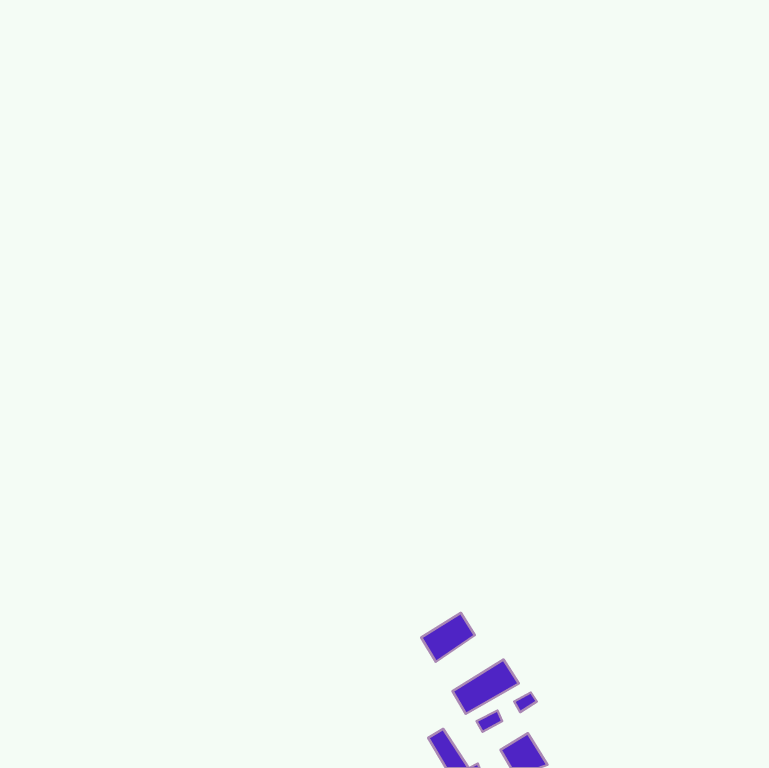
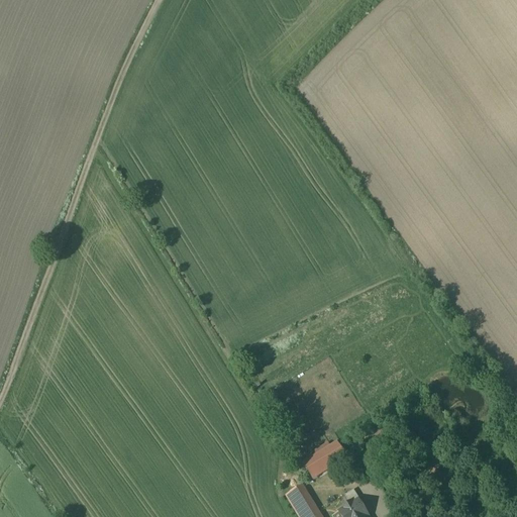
building: [421,613,475,662] -> none

